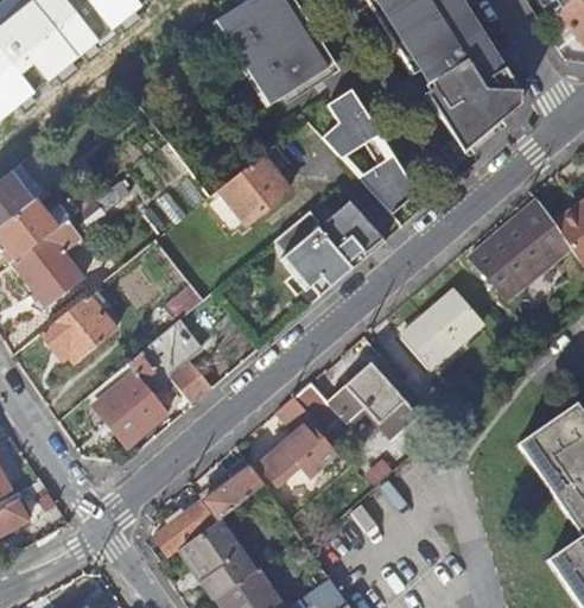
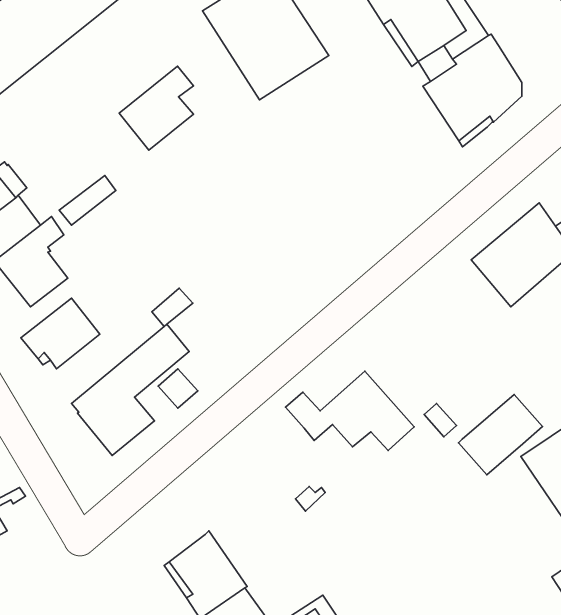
building: [322,87,380,157] -> none
building: [217,142,288,223] -> [119,66,194,150]
building: [357,152,417,211] -> none
building: [275,184,386,292] -> none
building: [401,292,482,369] -> [458,394,543,475]
building: [260,399,332,486] -> none
building: [154,463,261,556] -> none

